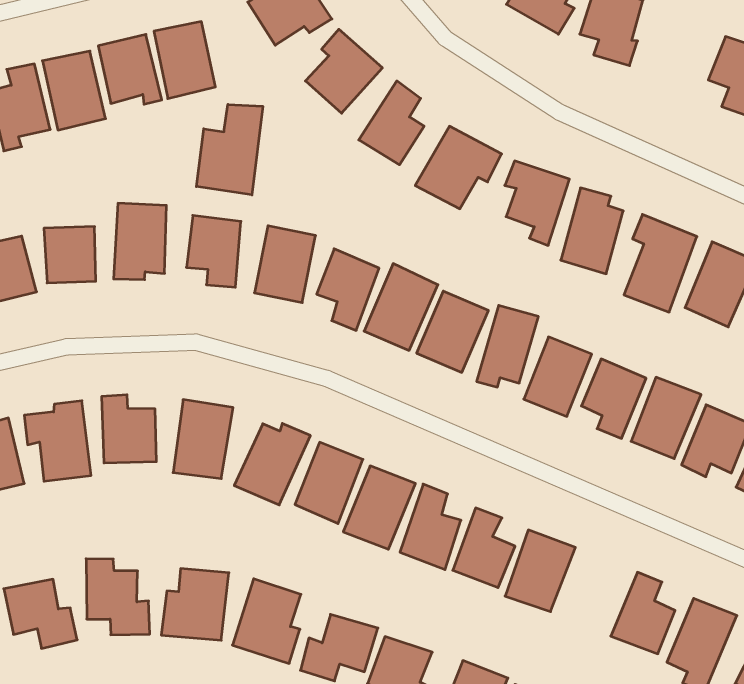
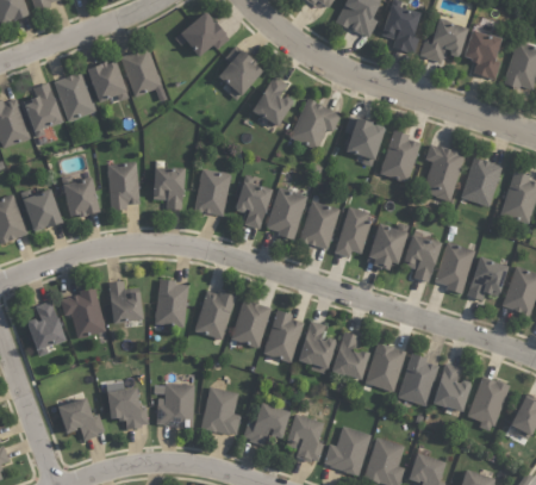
building: none -> [419,19,466,62]
building: [196,104,263,195] -> none
building: none -> [397,354,438,405]

